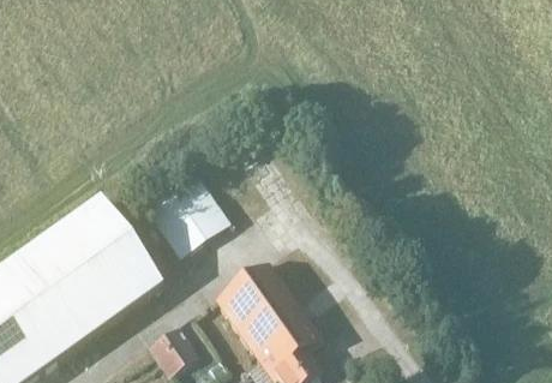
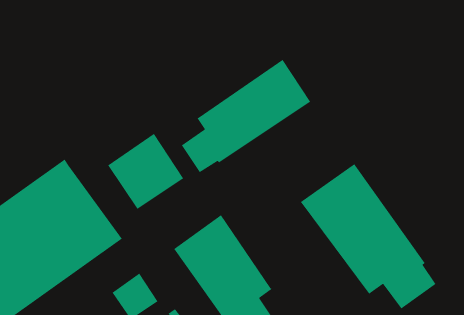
building: none -> [181,59,311,173]
building: none -> [300,163,437,309]

